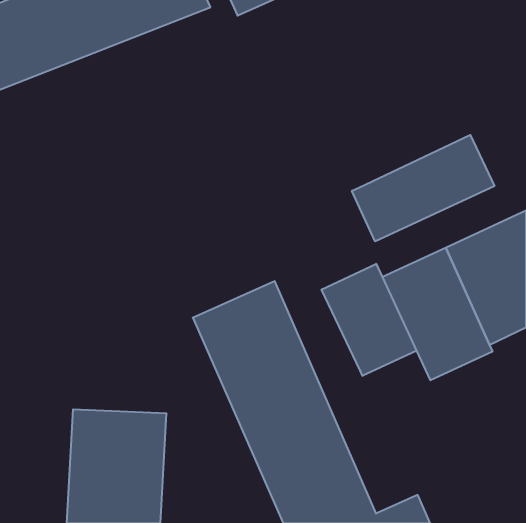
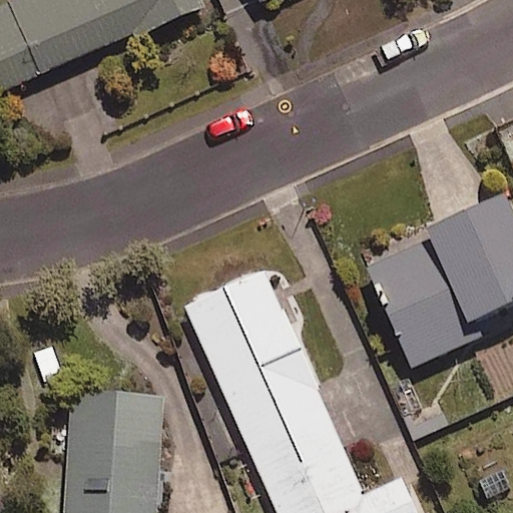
building: [352,135,494,241] -> none
building: [322,264,417,376] -> none

